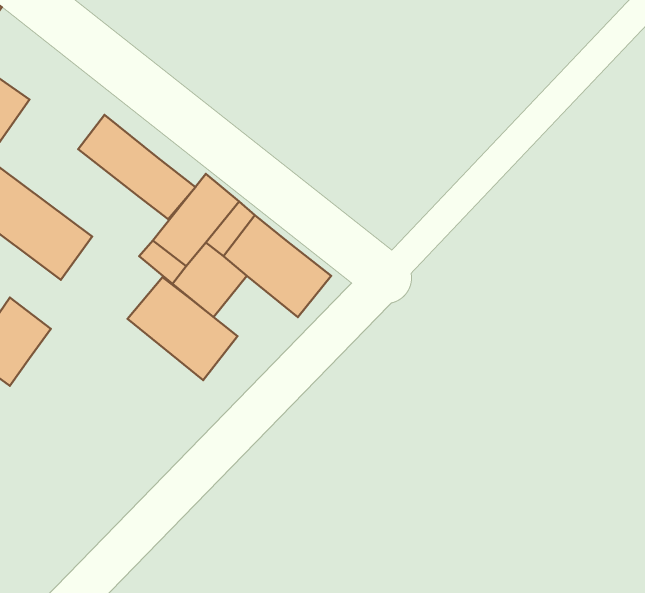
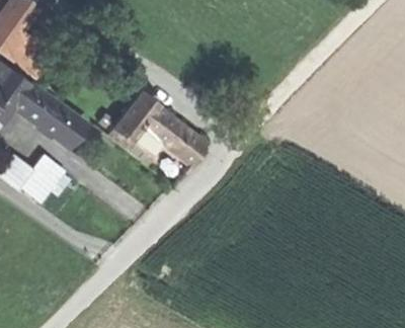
building: [78,115,195,219] -> none
building: [127,277,238,380] -> none

